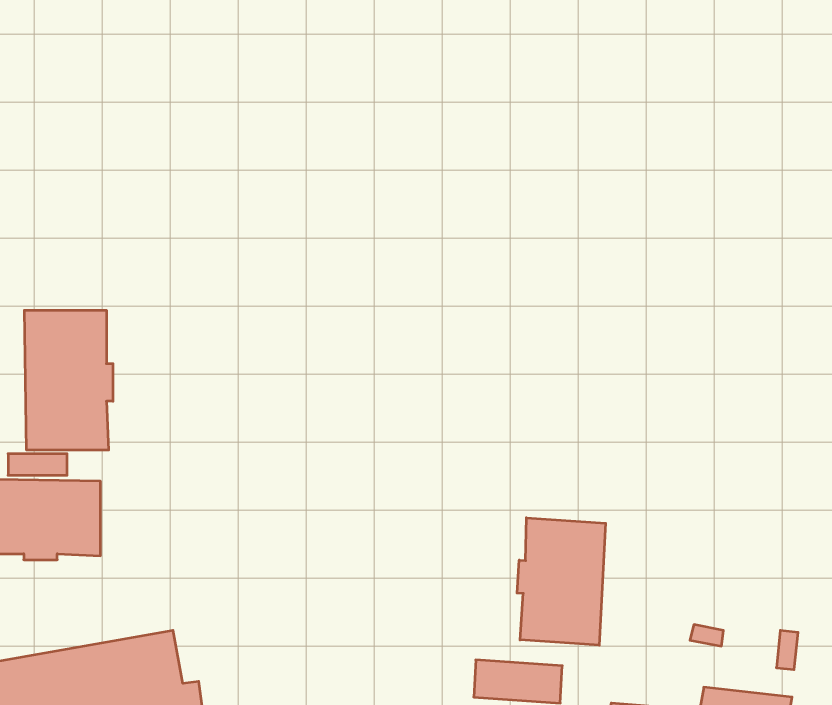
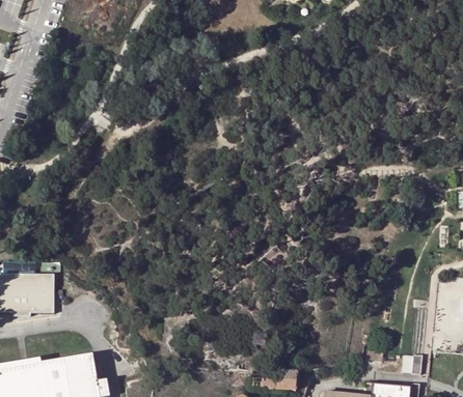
building: [24,310,113,450] -> none
building: [517,518,606,645] -> none

